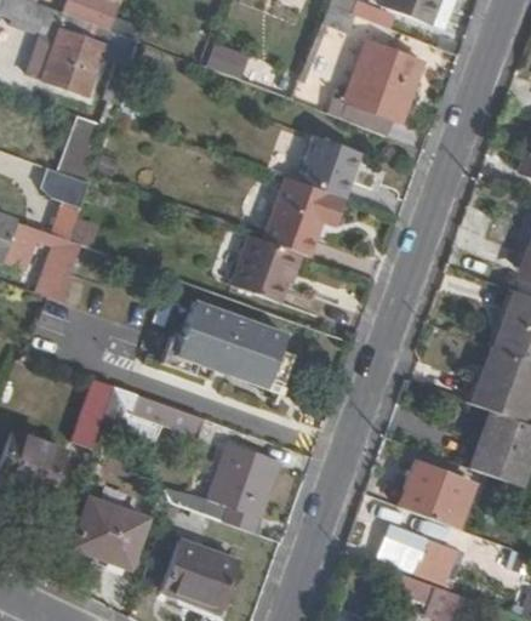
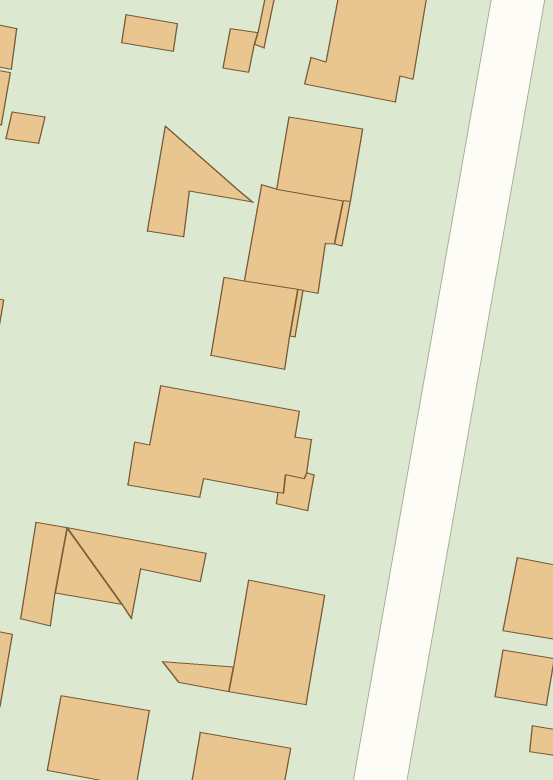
building: none -> [148,126,253,237]

